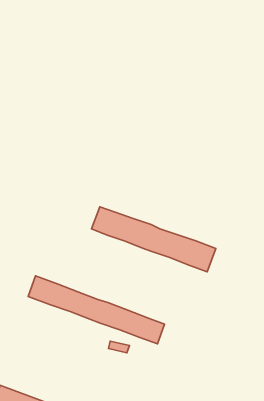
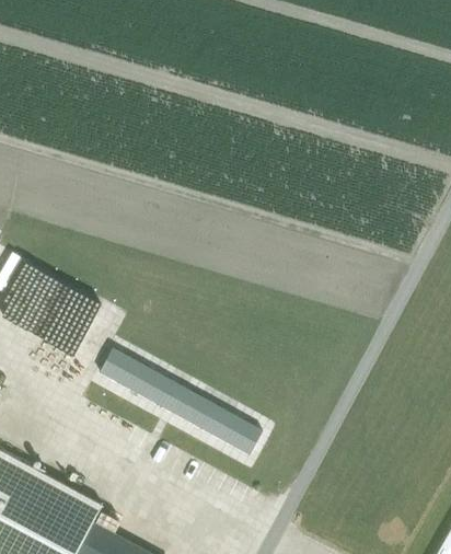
building: [91,207,216,272] -> none

